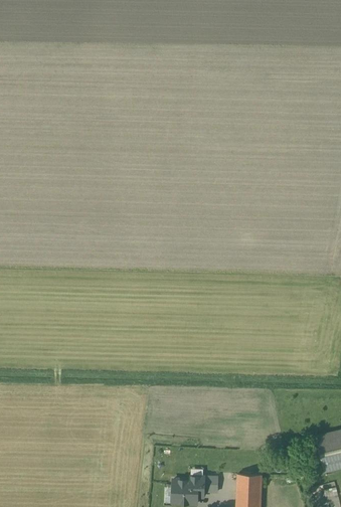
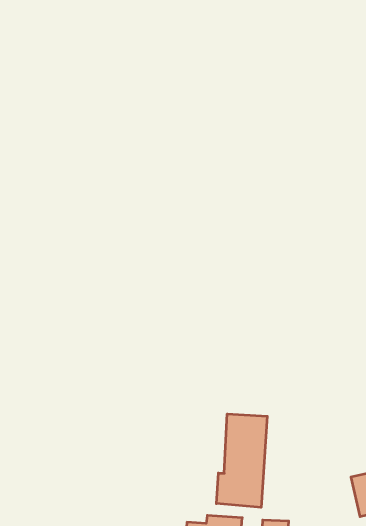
building: none -> [216,414,267,507]

